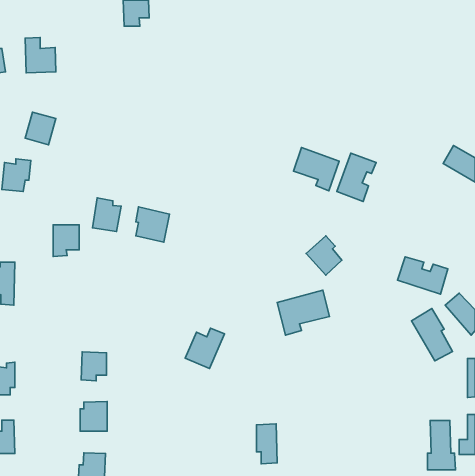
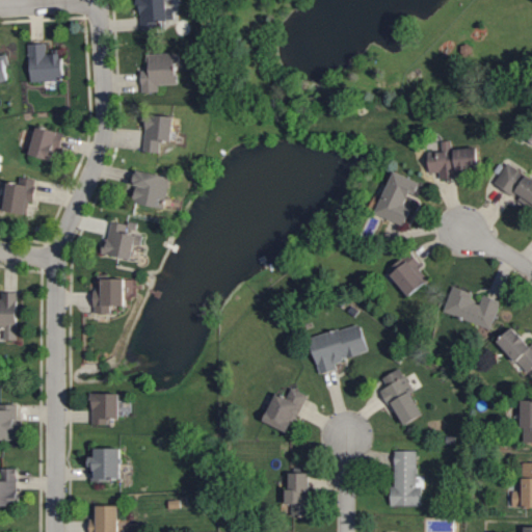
building: none -> [139,53,175,92]
building: none -> [142,115,172,153]
building: none -> [427,140,477,180]
building: [293,147,339,191] -> none
building: [136,207,169,242] -> [131,169,168,209]
building: [53,225,79,256] -> [95,278,124,314]
building: [306,236,342,275] -> [388,252,427,296]
building: [411,309,452,361] -> [376,368,422,426]
building: [185,328,224,368] -> [262,389,305,433]
building: [427,420,455,470] -> [390,451,421,506]

